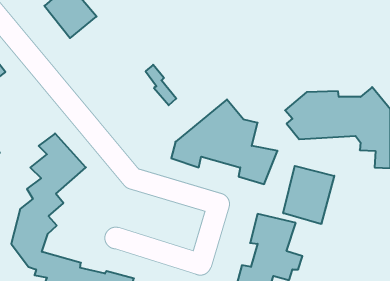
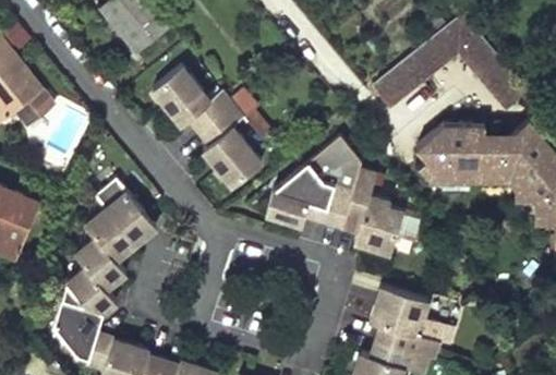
building: none -> [370,13,529,113]
building: none -> [150,64,258,187]
building: [283,166,334,224] -> none

